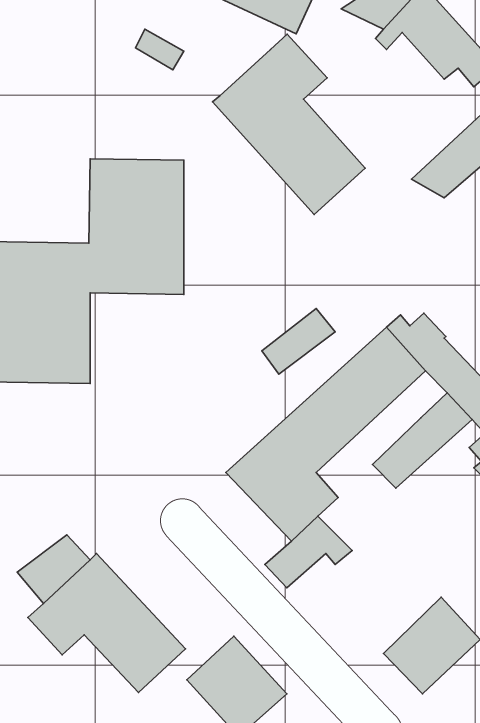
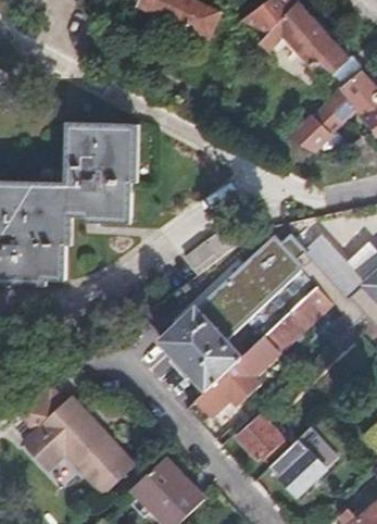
building: [213,34,365,214] -> none
building: none -> [224,336,278,396]
building: none -> [235,419,285,464]

